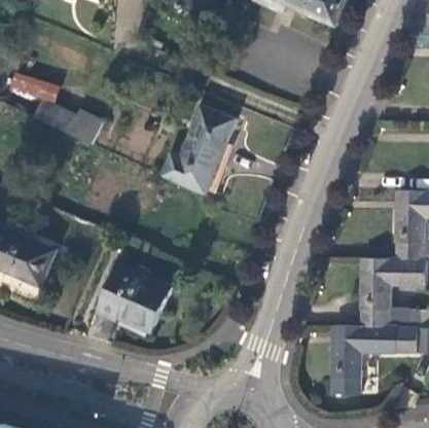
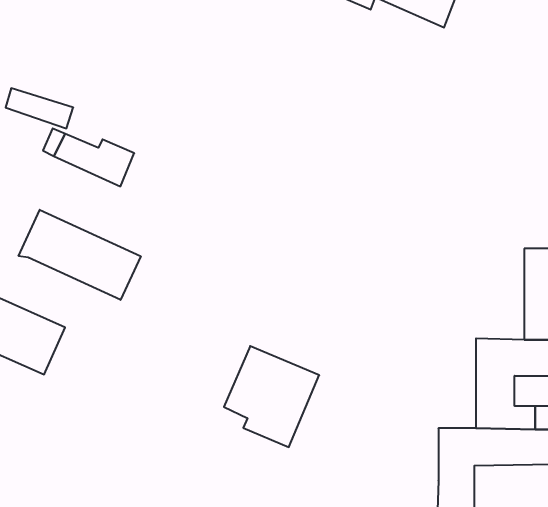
building: [163,107,237,194] -> none
building: none -> [19,210,141,300]
building: [97,265,168,341] -> [224,346,319,447]

